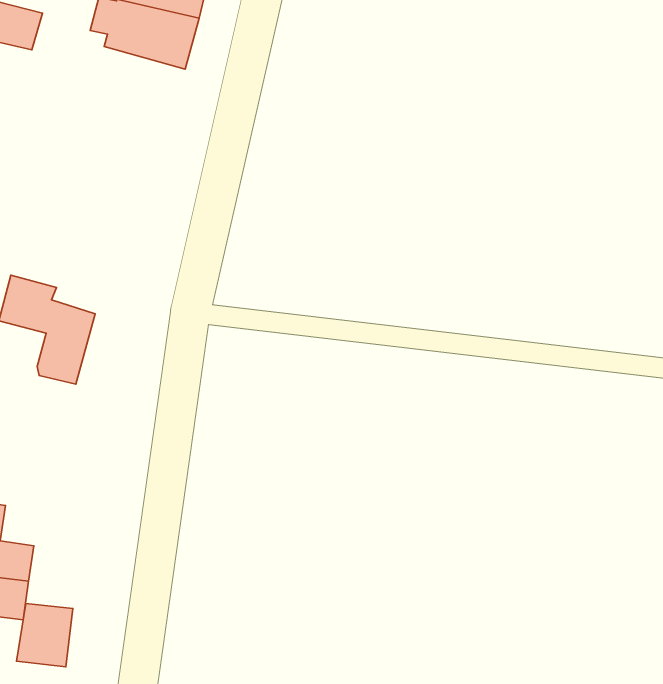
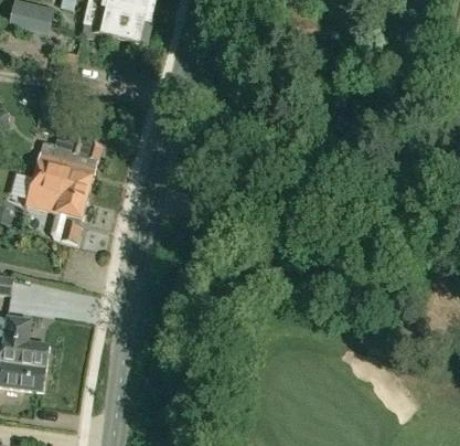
building: none -> [34,134,100,200]
building: [17,604,73,667] -> none

